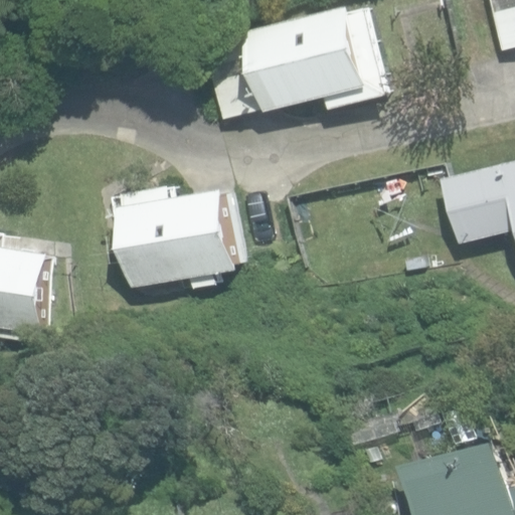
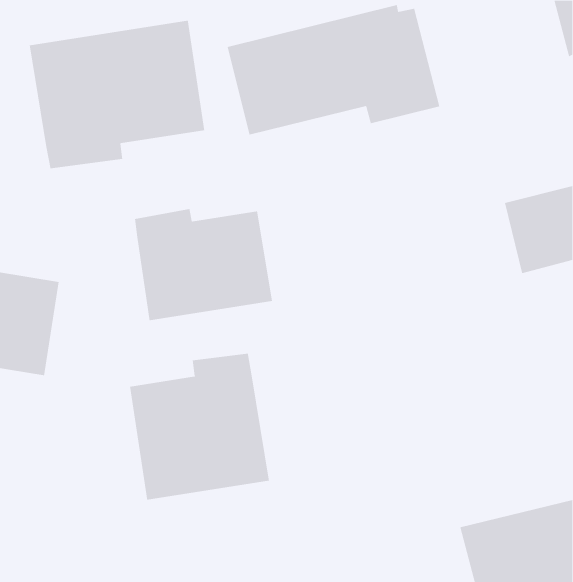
building: none -> [29,20,205,169]
building: none -> [130,353,269,501]

